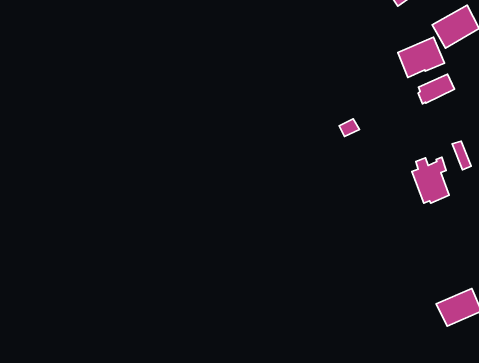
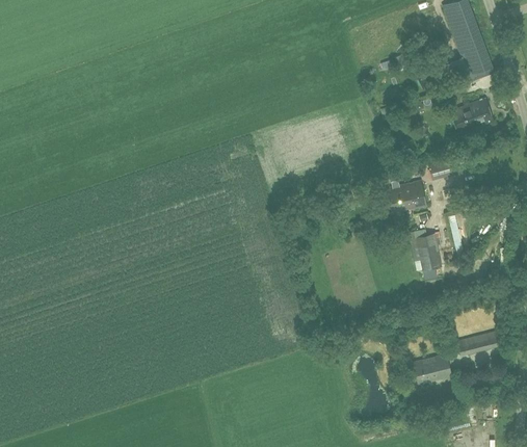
building: [398,37,445,77] -> [386,181,426,213]

